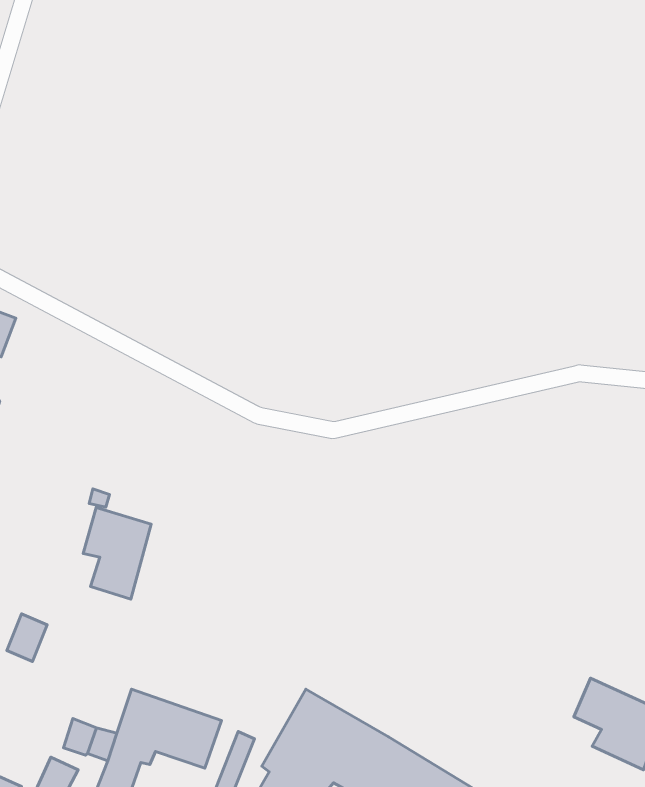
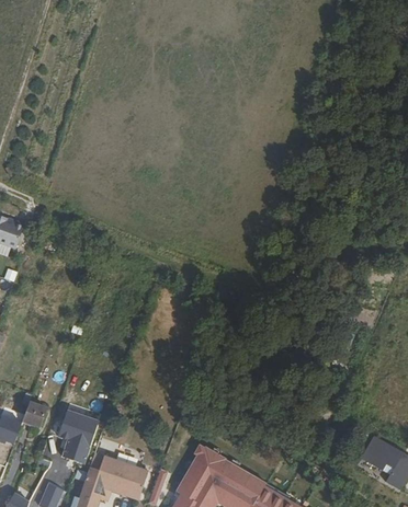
building: [83,507,151,599] -> [56,413,97,468]

